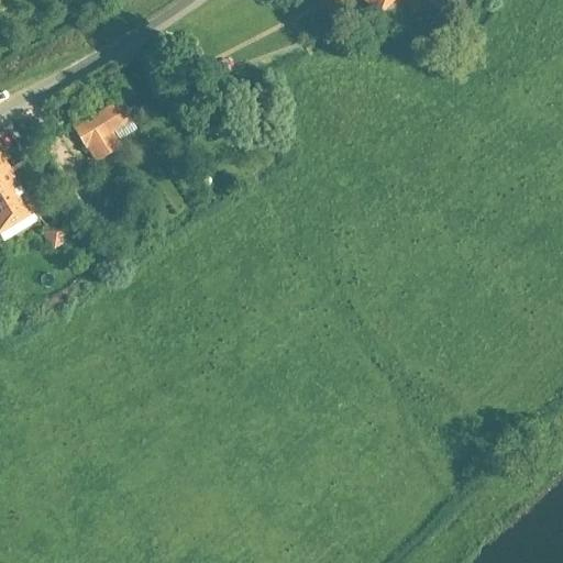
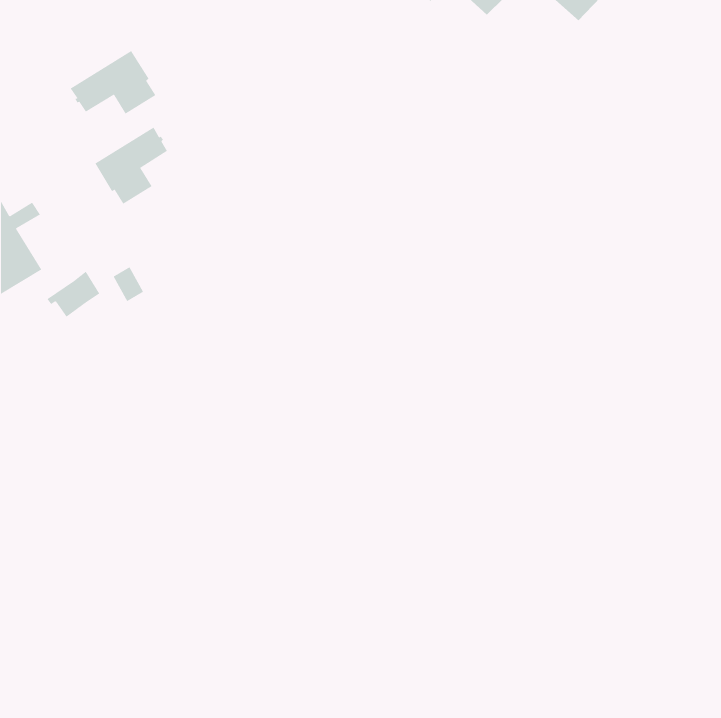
building: none -> [70,50,156,114]

